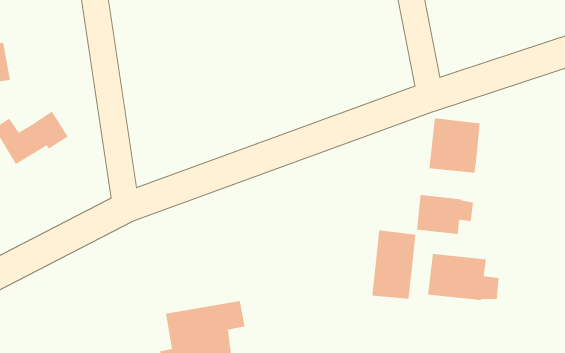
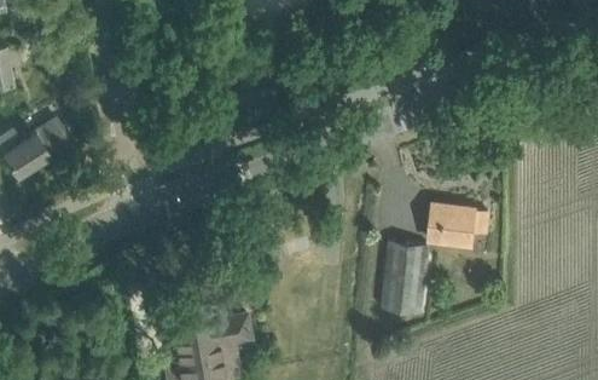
building: [429,117,480,173] -> none
building: [427,253,499,301] -> none

